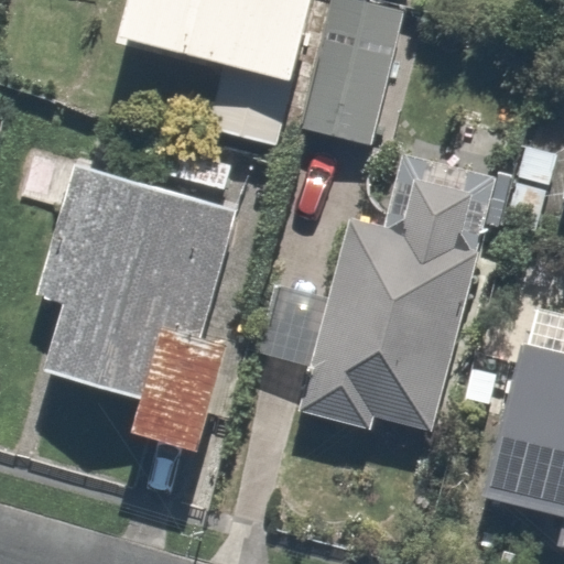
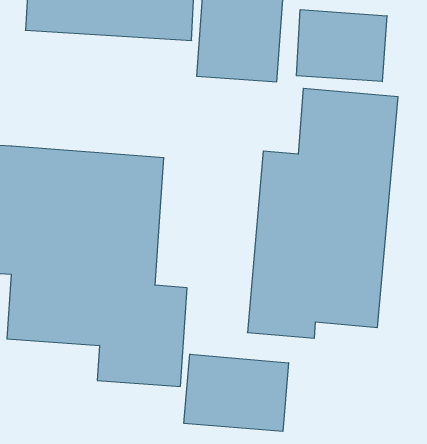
building: none -> [296,10,387,82]
building: none -> [184,354,289,431]

